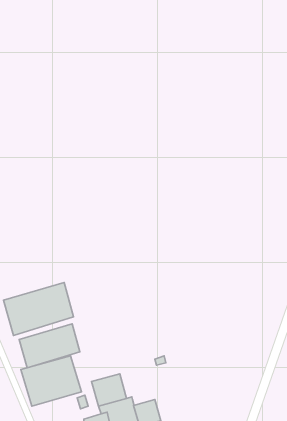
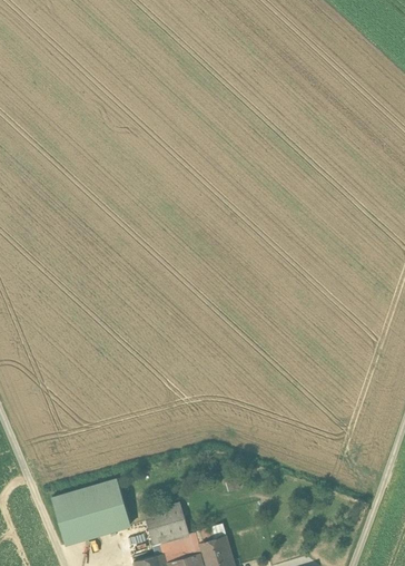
building: [4,283,73,335] -> none
building: [19,324,80,368] -> none

